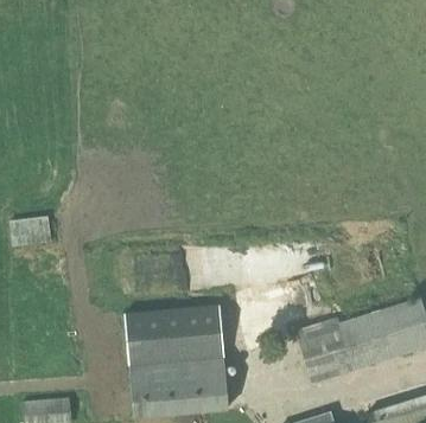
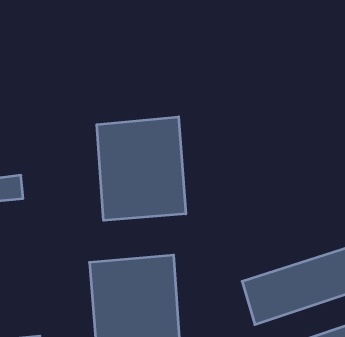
building: none -> [97,117,186,220]

